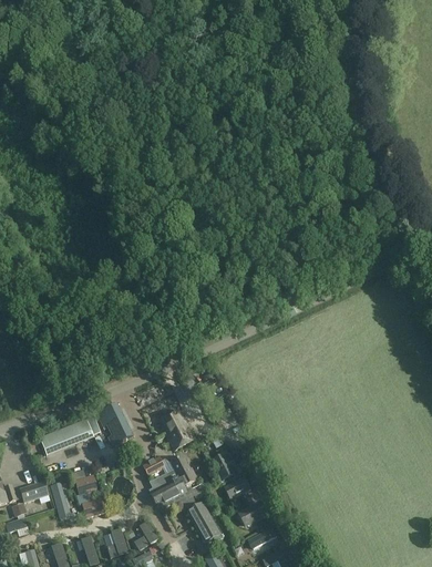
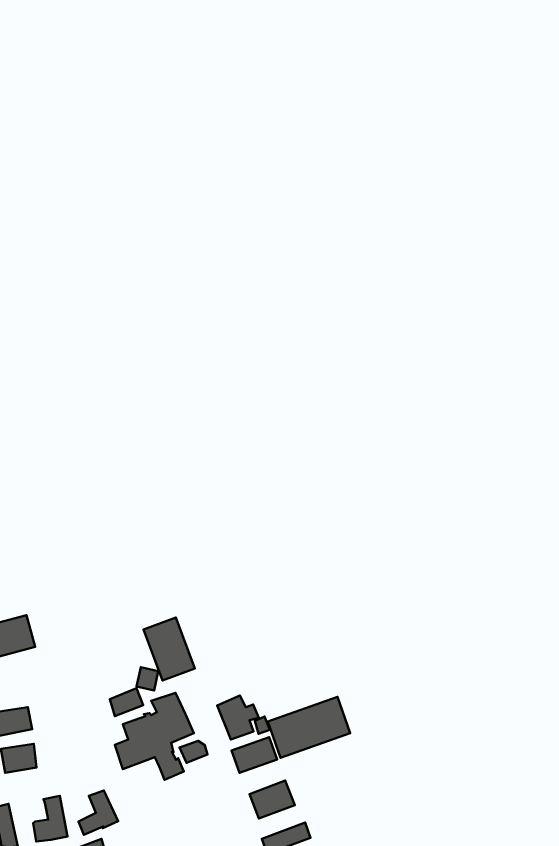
building: [96,403,133,445] -> none
building: none -> [268,697,350,758]
building: [186,502,223,543] -> none

